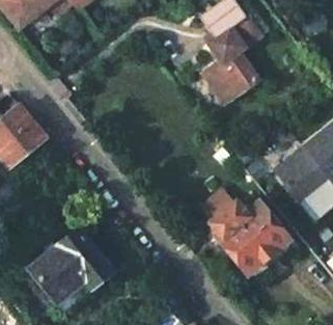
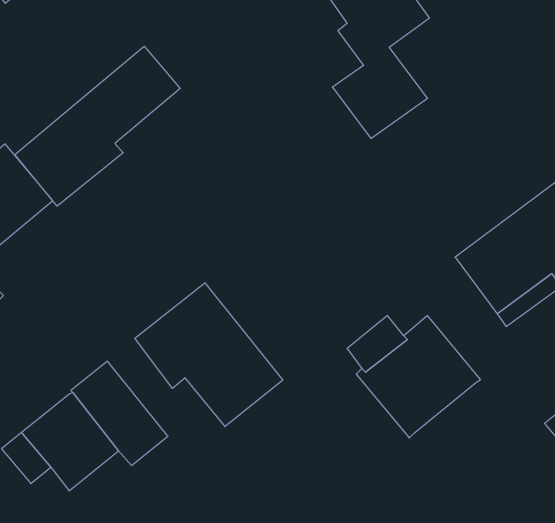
building: none -> [15,46,180,206]
building: none -> [135,283,283,427]

